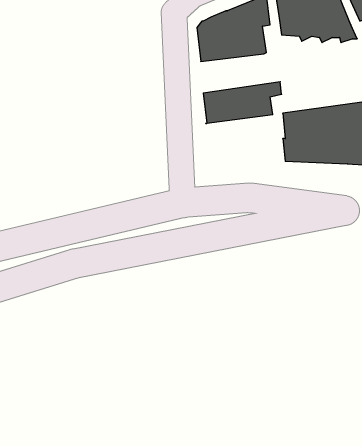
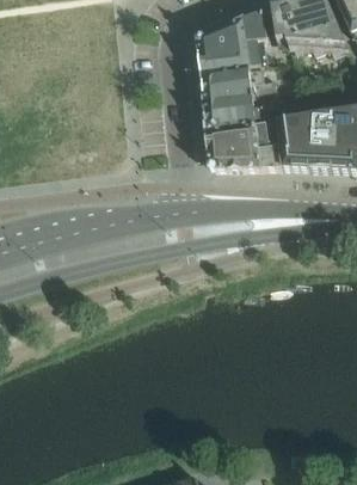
building: none -> [201,66,276,103]
building: none -> [205,123,281,168]

